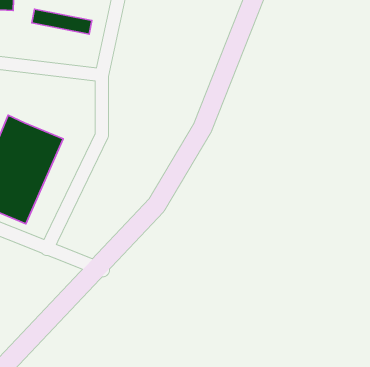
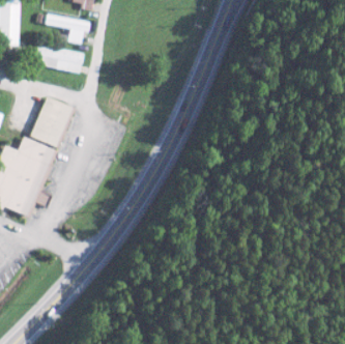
building: none -> [28,96,76,150]

